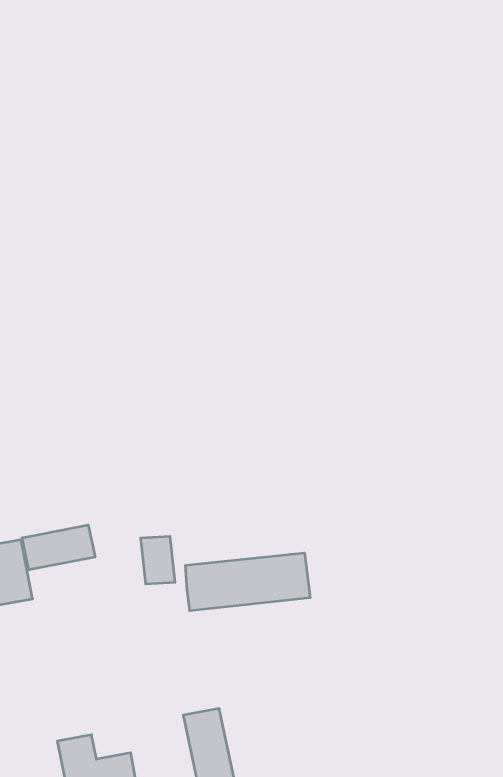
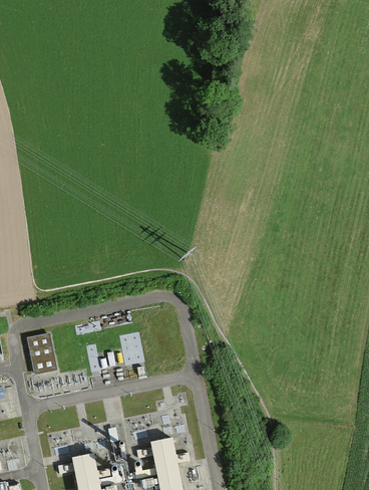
building: [22,525,95,570] -> none
building: [186,553,310,611] -> none

